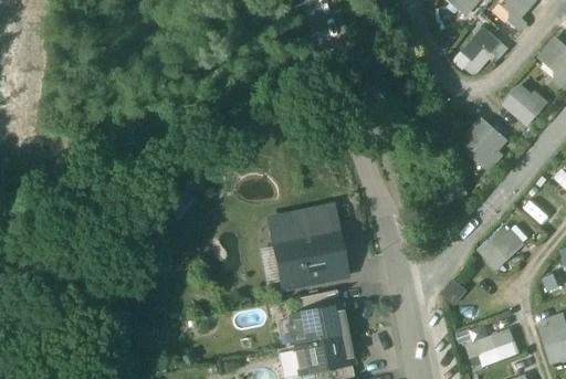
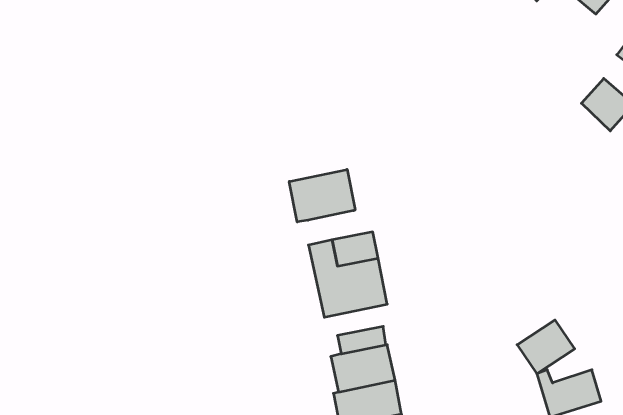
building: [452,24,505,78] -> none
building: [457,115,507,171] -> none
building: none -> [289,169,355,222]
building: [476,224,525,270] -> [517,320,575,374]

